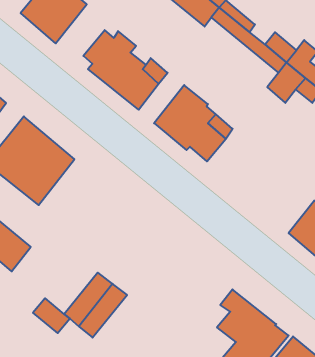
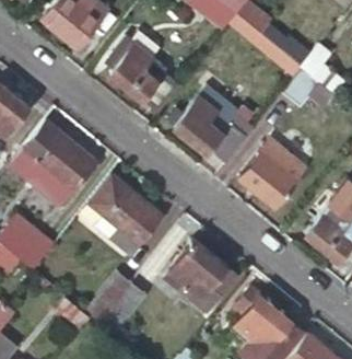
building: none -> [237,139,304,208]
building: none -> [86,173,163,255]
building: none -> [164,242,237,312]

